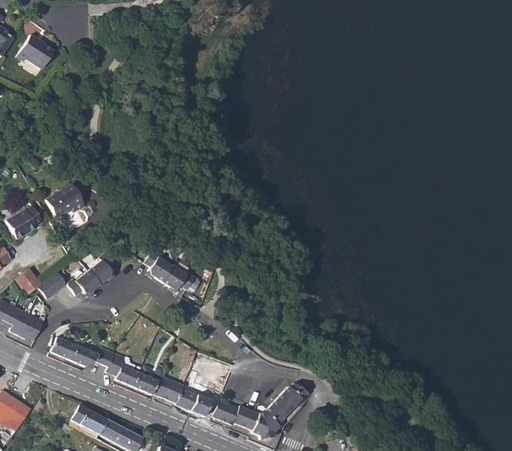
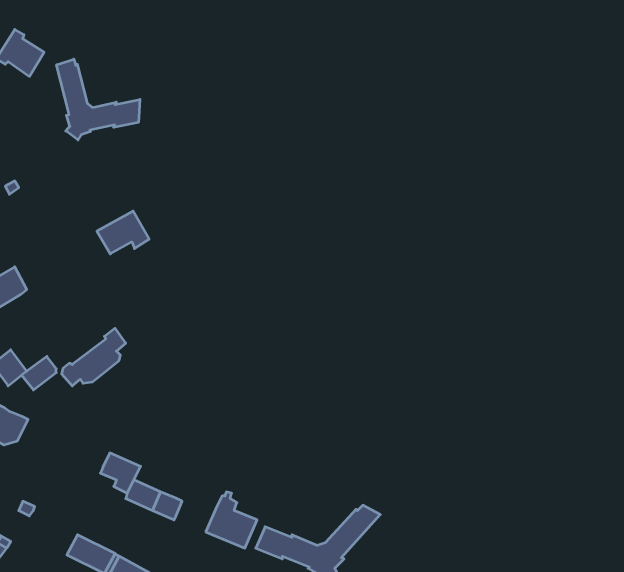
building: none -> [57,59,140,140]
building: [47,185,86,217] -> [97,211,149,254]
building: [146,246,194,287] -> none
building: [51,337,98,366] -> none
building: [152,375,183,403] -> none

